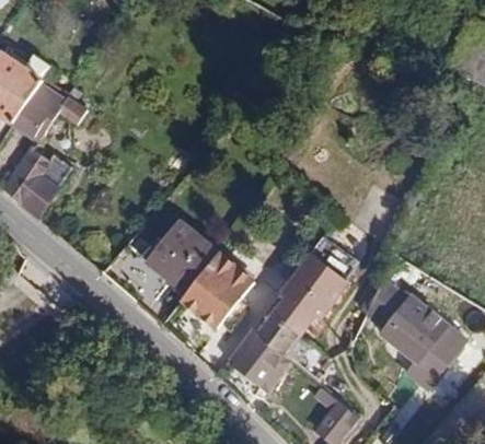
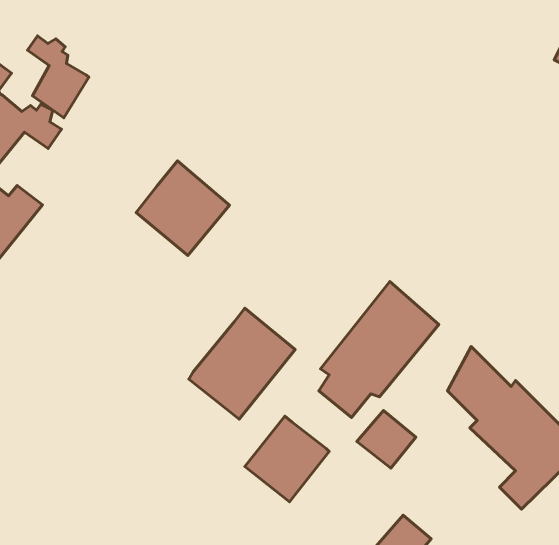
building: none -> [27,36,89,118]
building: [146,223,215,293] -> [136,161,229,256]
building: [257,307,301,350] -> [357,410,416,468]

